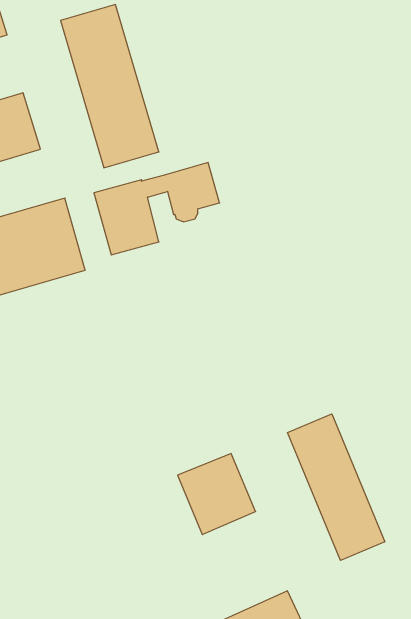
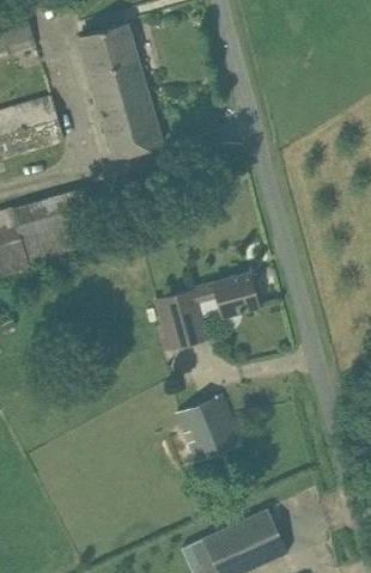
building: [94,163,220,255] -> [154,274,259,350]
building: [287,414,385,560] -> none

